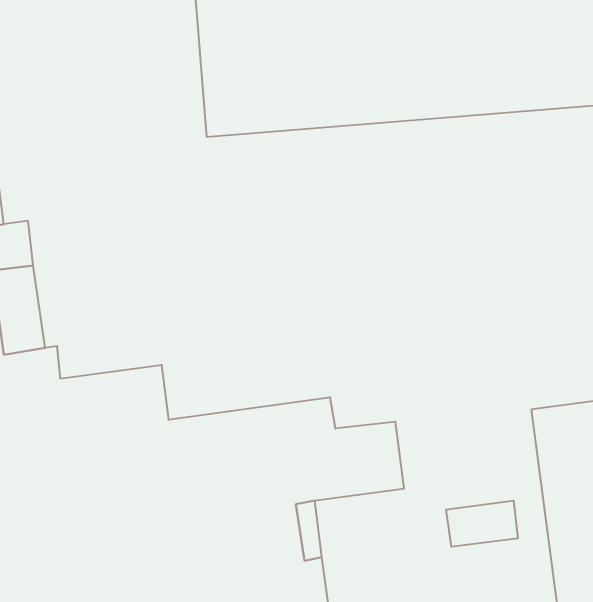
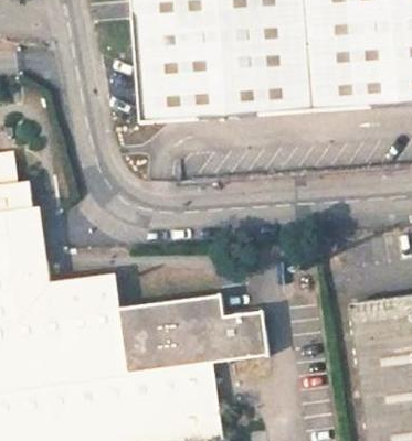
building: [446,501,518,547] -> none

